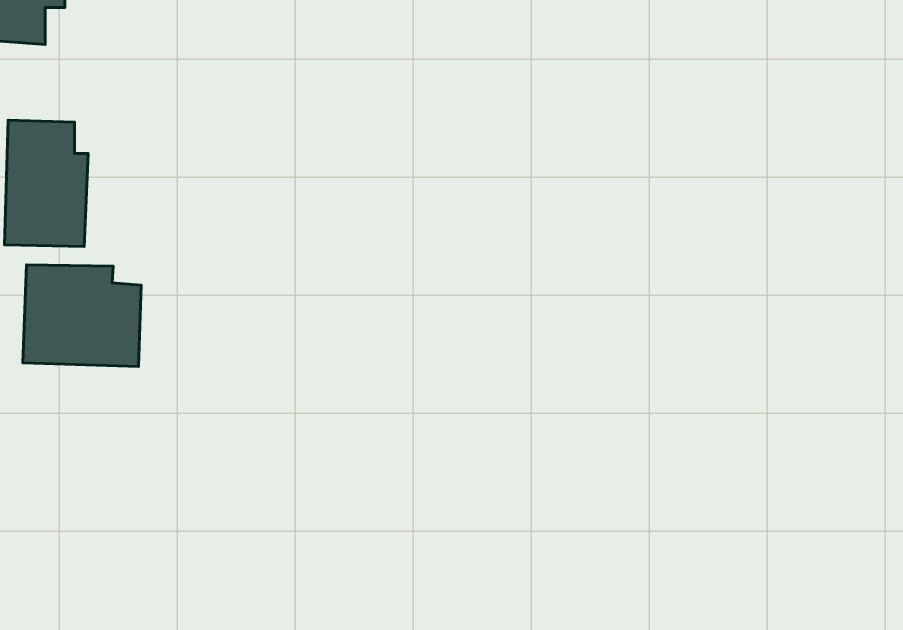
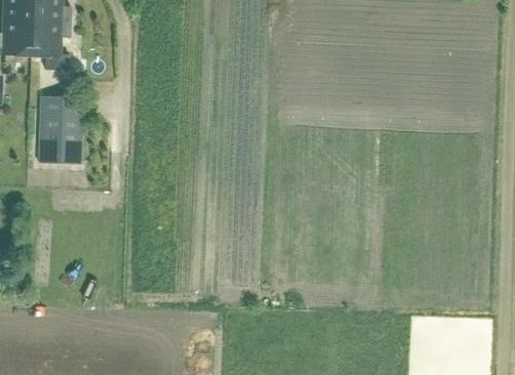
building: [23,265,141,366] -> none

